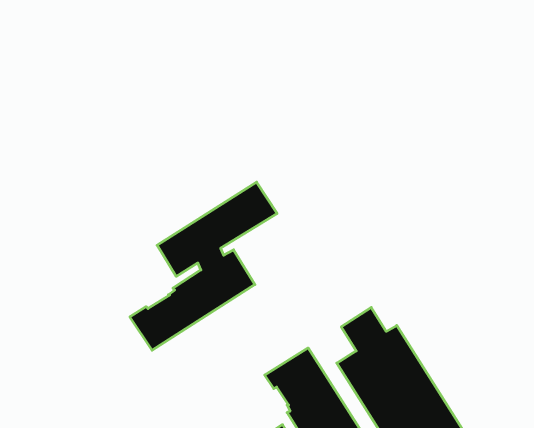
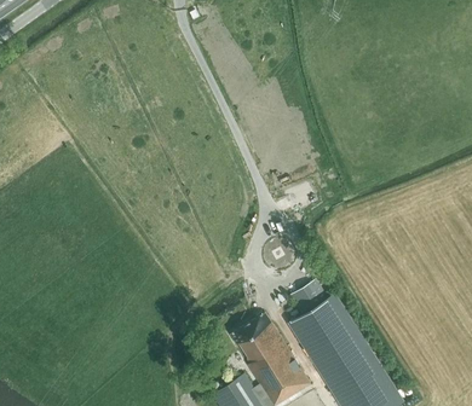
building: [130,182,277,350] -> none

